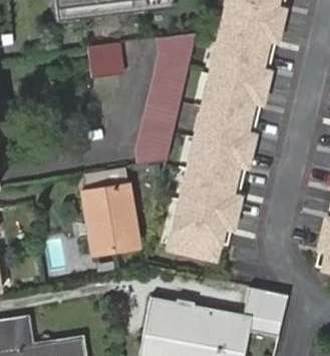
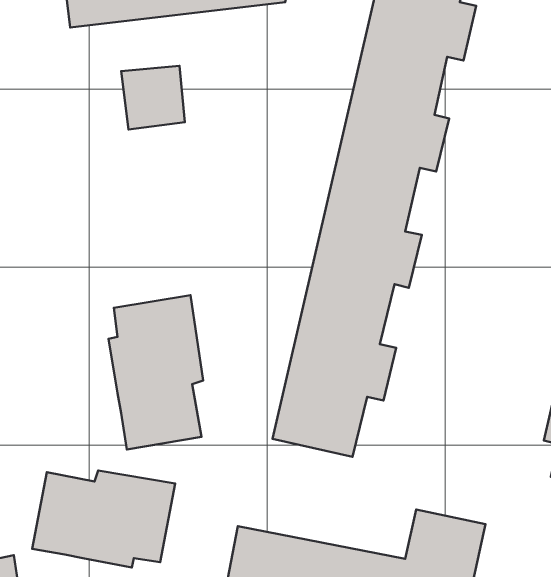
building: [135,33,198,165] -> none
building: none -> [32,470,175,568]

